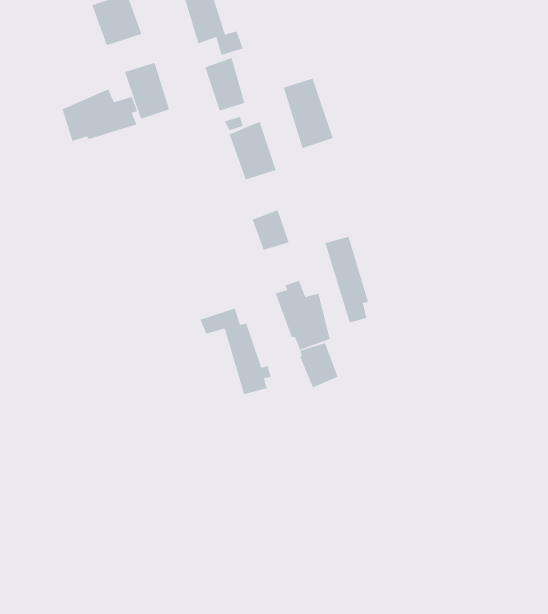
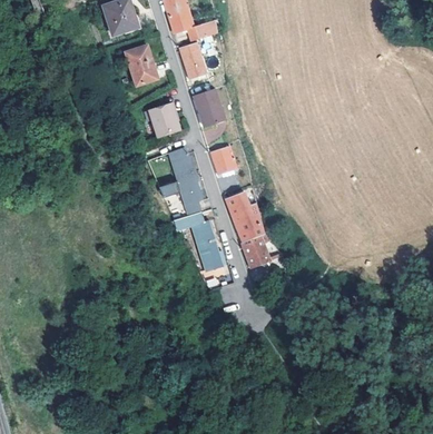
building: [283,78,333,149] -> none
building: [62,89,138,142] -> none
building: none -> [145,102,181,138]
building: [324,236,369,323] -> [170,155,200,214]

